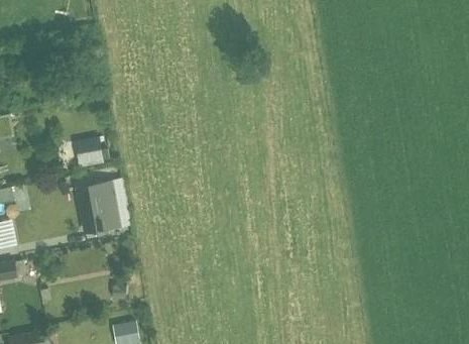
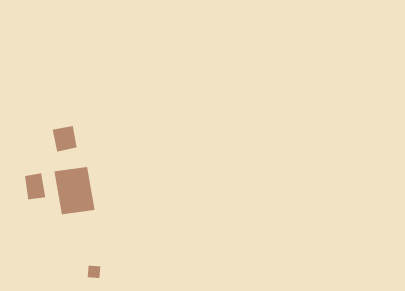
building: none -> [24,173,46,200]

